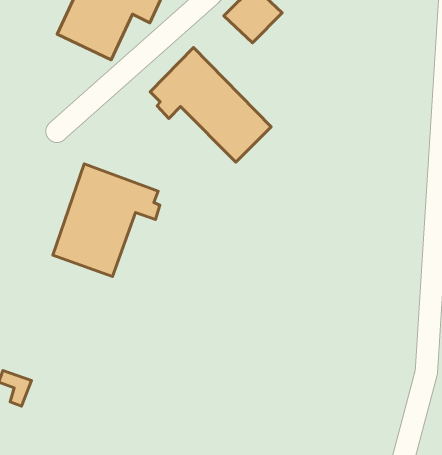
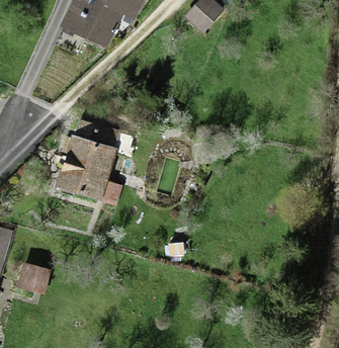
building: [150,48,271,162] -> none

